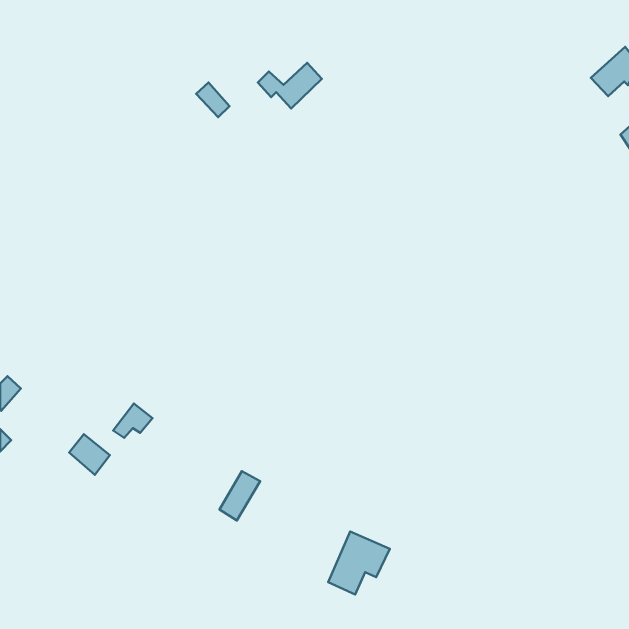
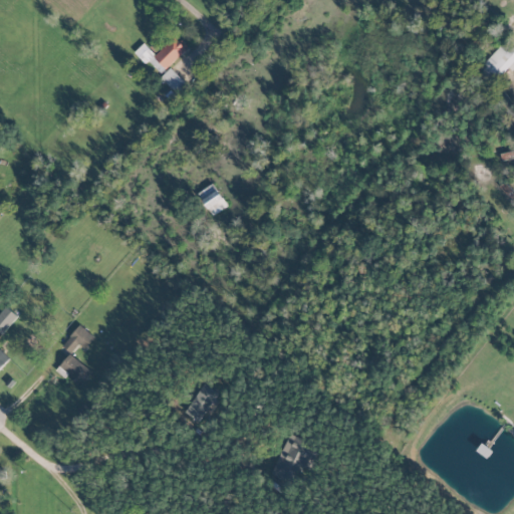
building: [258,63,322,108] -> [135,37,187,74]
building: none -> [198,184,228,216]
building: [113,403,152,438] -> [62,325,94,353]

